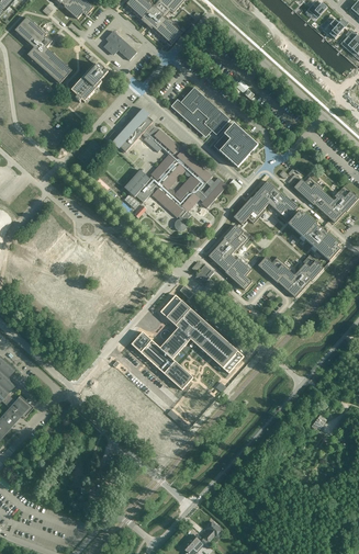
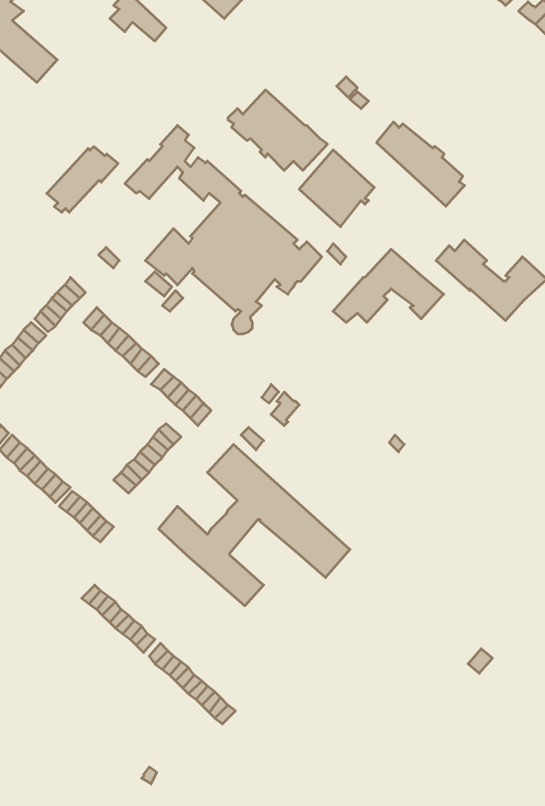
building: [70,63,112,101] -> [47,147,118,212]
building: [288,211,339,260] -> [377,122,465,206]
building: [207,224,251,289] -> none
building: [257,253,323,296] -> none

